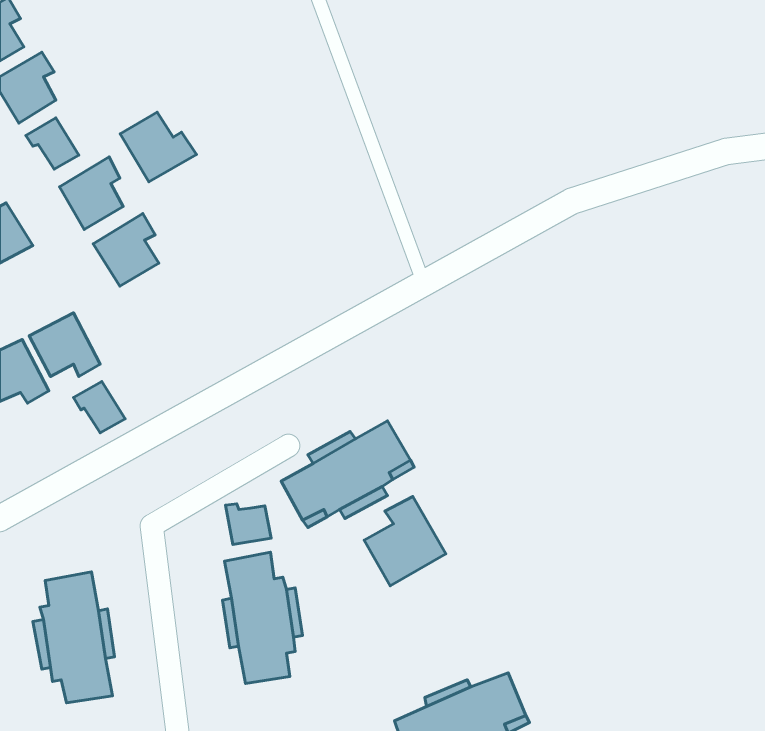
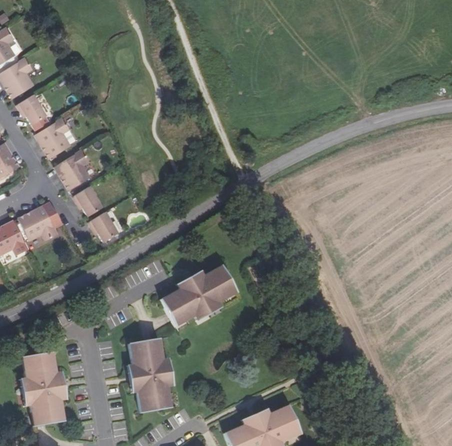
building: [120,112,197,182] -> none
building: none -> [72,186,102,215]
building: [74,381,125,433] -> [89,212,118,241]
building: [364,497,446,586] -> none
building: [225,504,271,544] -> none

